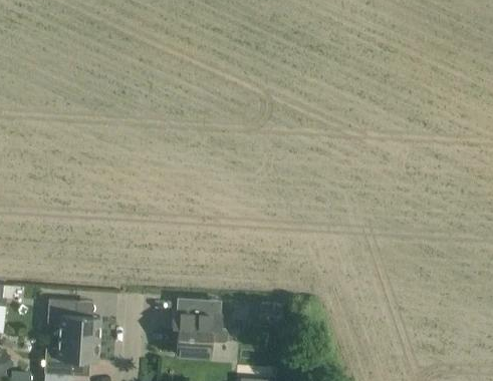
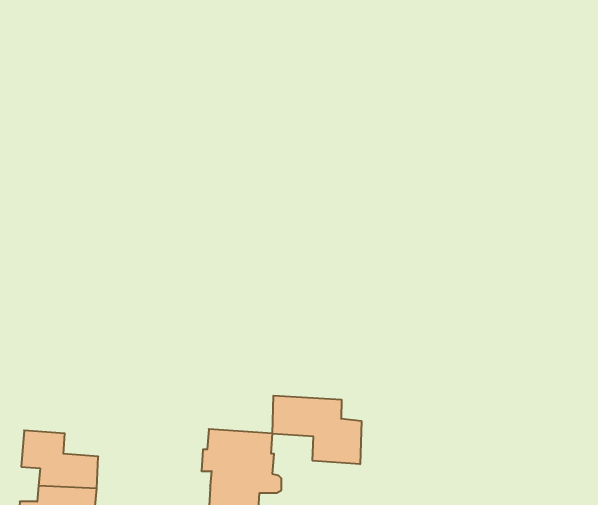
building: none -> [273,396,361,464]

